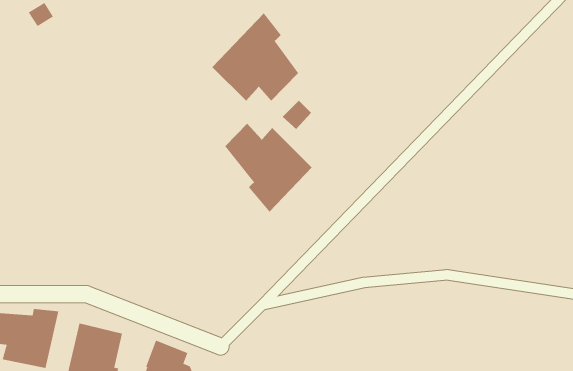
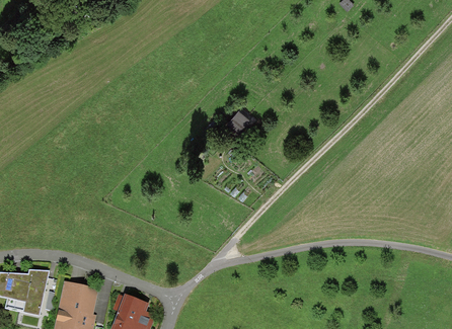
building: [211,13,299,102] -> none
building: [224,123,312,213] -> none

